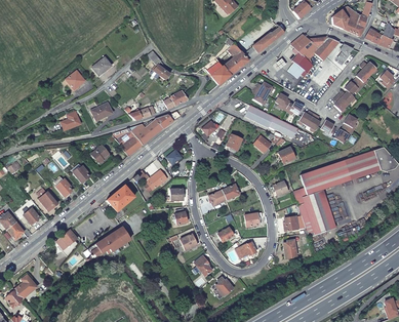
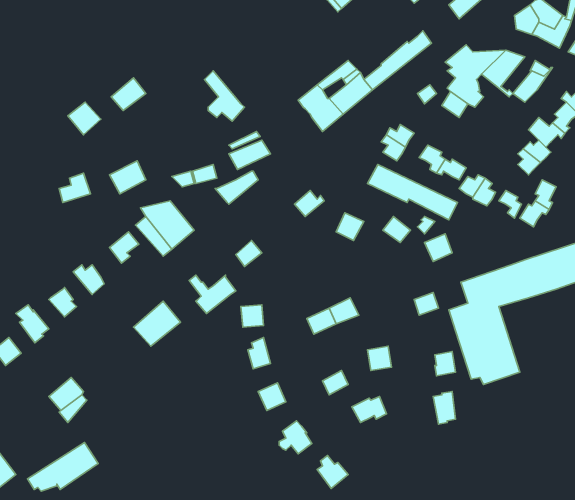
building: [128,119,162,144] -> none
building: [87,228,129,256] -> [27,443,98,491]

